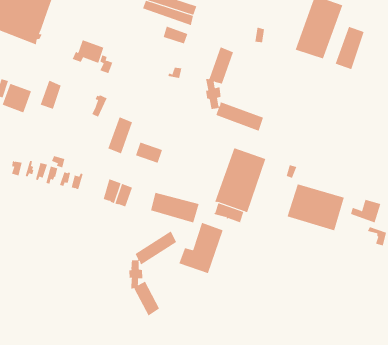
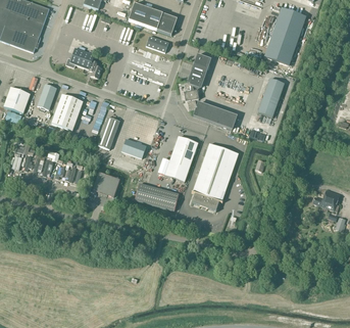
building: [335,26,365,70] -> [257,78,284,116]
building: none -> [51,93,83,130]
building: [287,183,345,231] -> none
building: [179,222,223,274] -> [157,135,197,181]
building: [129,231,177,316] -> none

